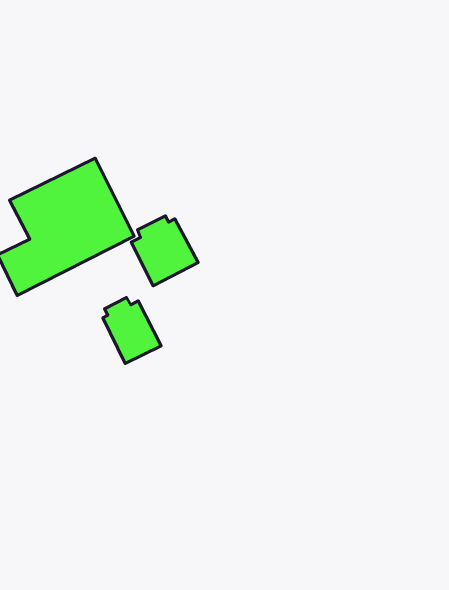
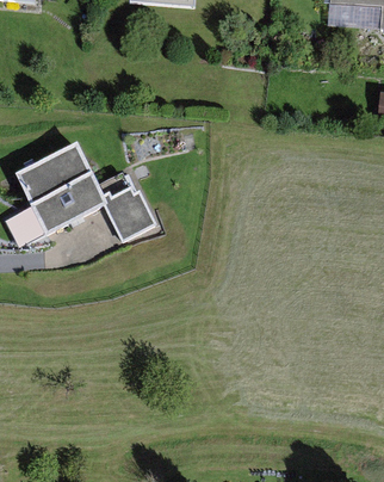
building: [103,297,161,364] -> none

